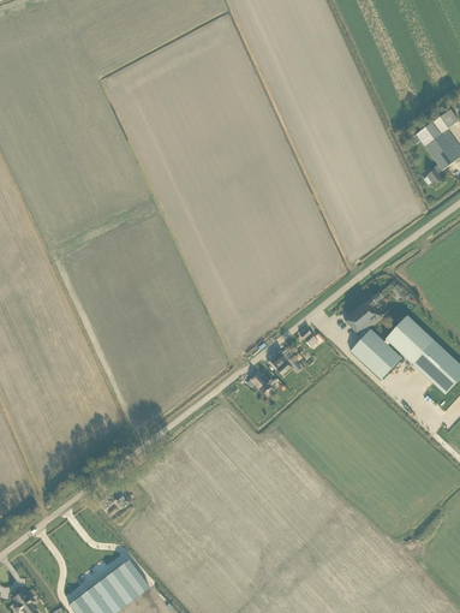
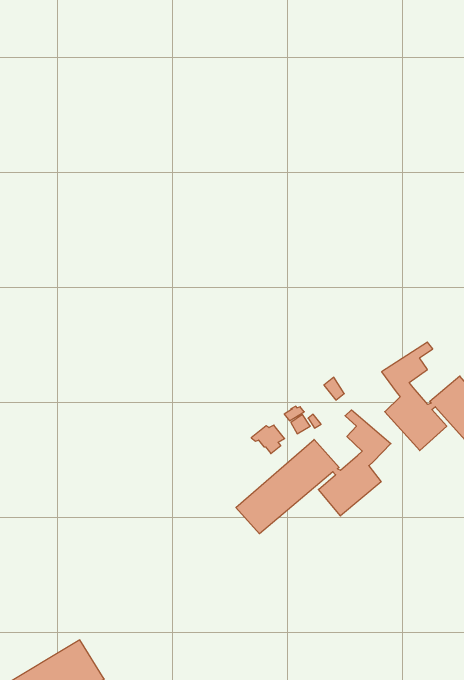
building: none -> [236,410,391,534]

